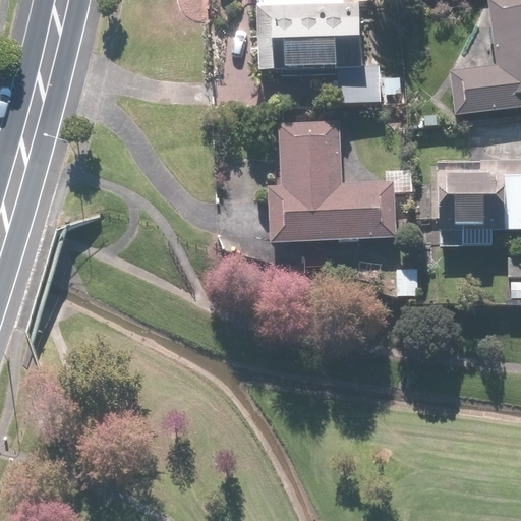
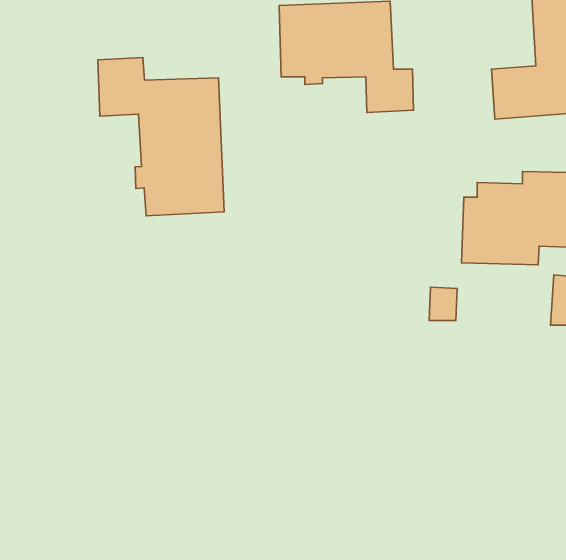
building: none -> [98,57,224,216]
building: [269,118,416,256] -> none

